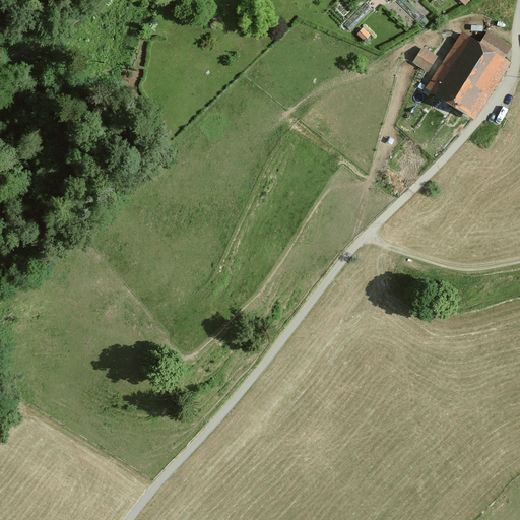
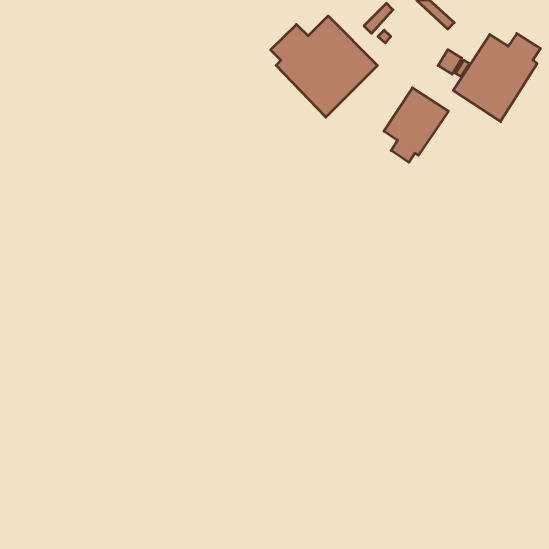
building: none -> [271,16,377,117]
building: none -> [384,88,448,162]

